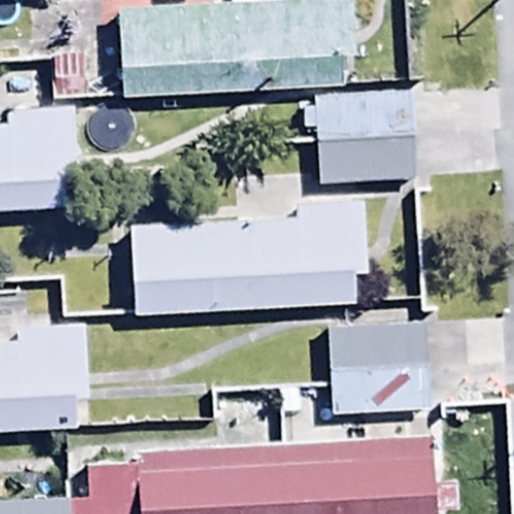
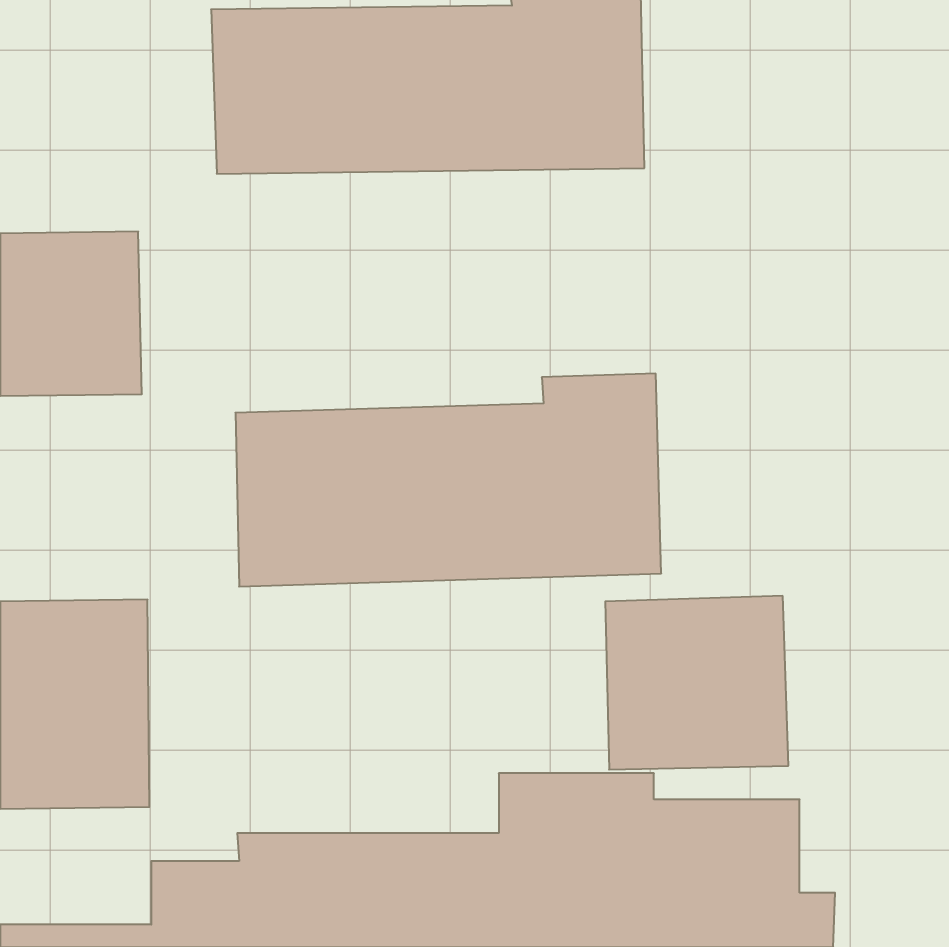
building: [313,96,418,185] -> none

